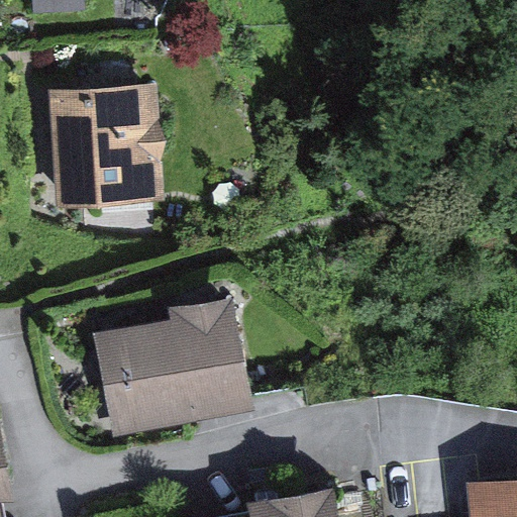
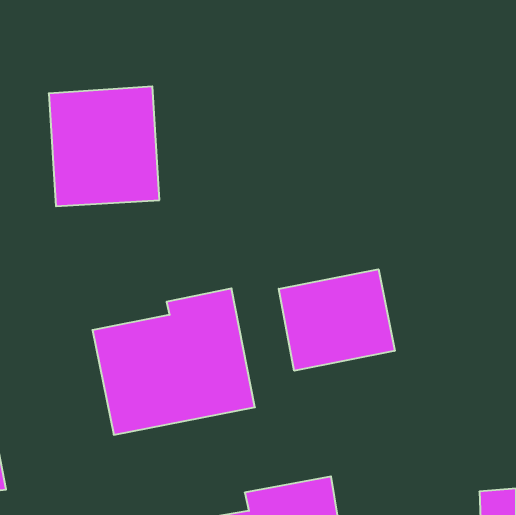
building: none -> [279,269,395,371]

